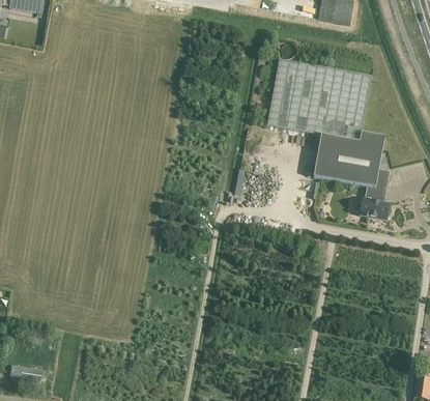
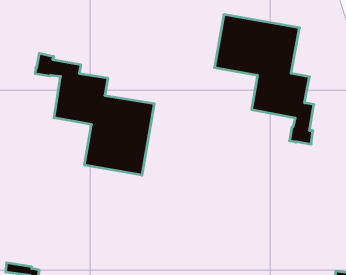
building: none -> [35,53,154,175]

